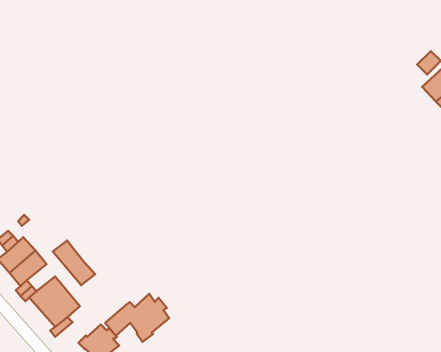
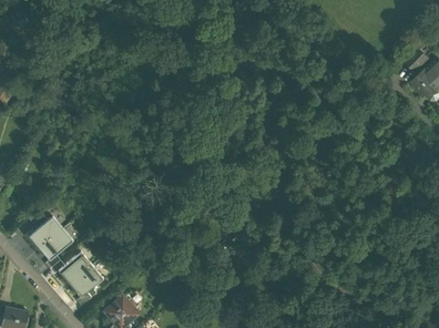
building: [53,240,95,285] -> none
building: [105,294,169,342] -> none

